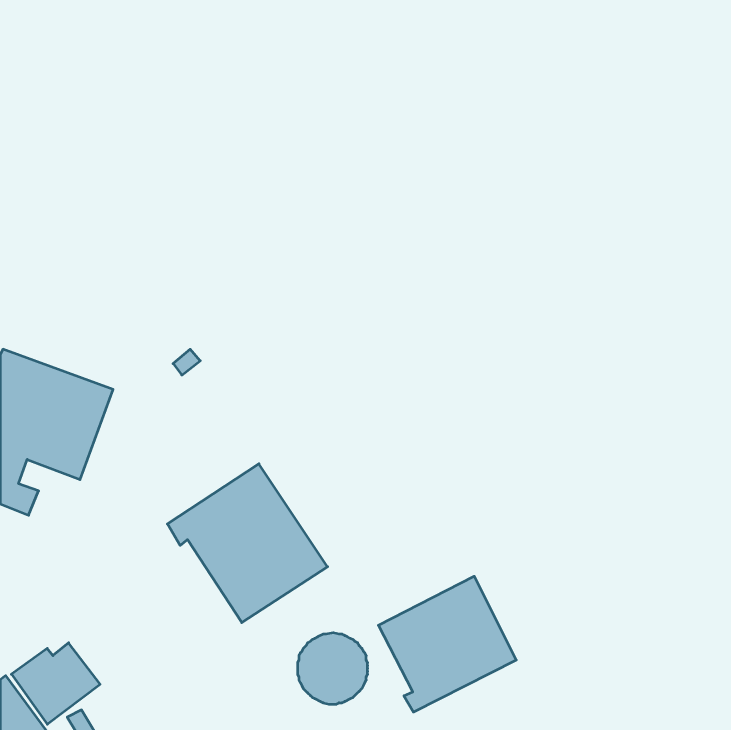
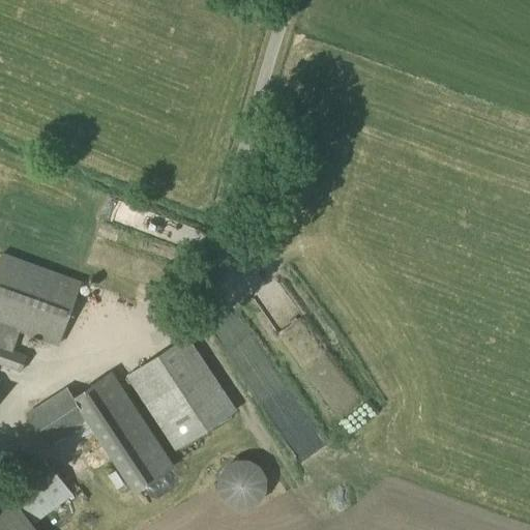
building: none -> [24,372,175,494]
building: [378,576,516,712] -> none

